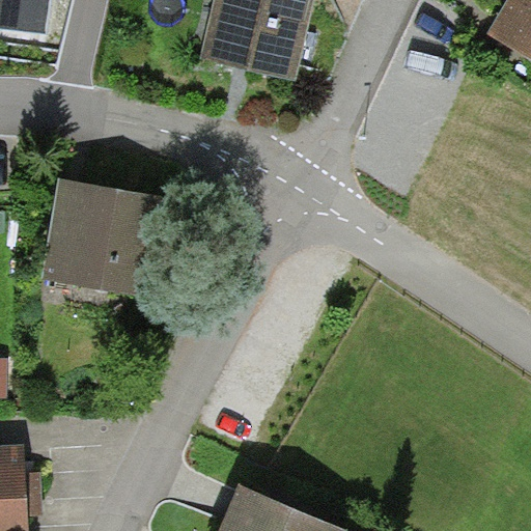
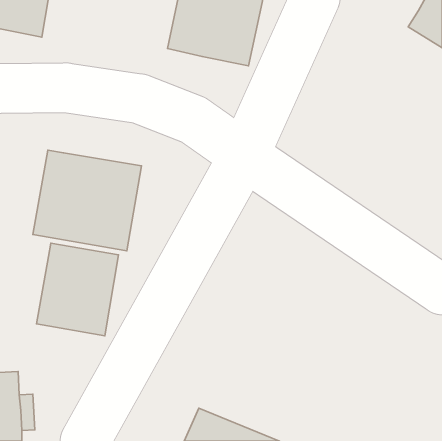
building: none -> [36,243,119,336]

